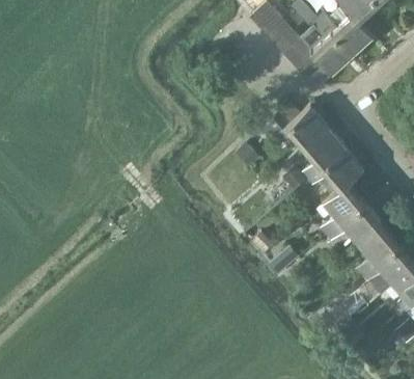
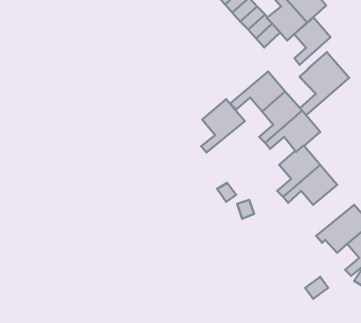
building: none -> [294,18,331,65]
building: none -> [300,52,349,115]
building: none -> [201,99,245,153]
building: [357,223,402,276] -> none

